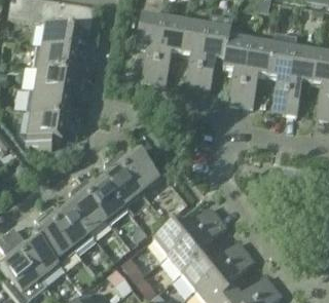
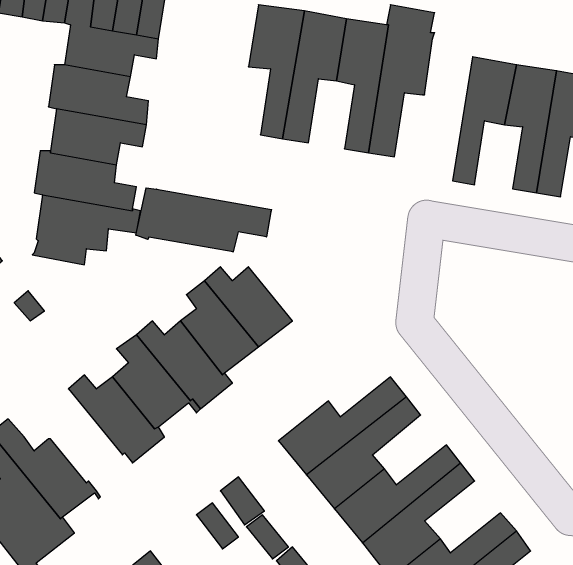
building: [225,32,253,105] -> none
building: none -> [136,188,272,252]
building: [31,212,77,264] -> none

